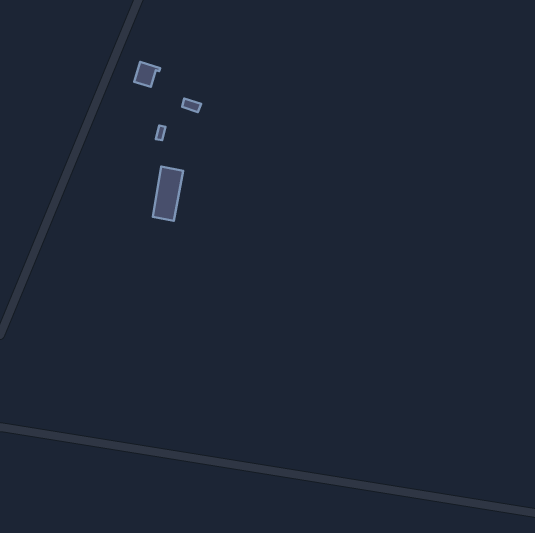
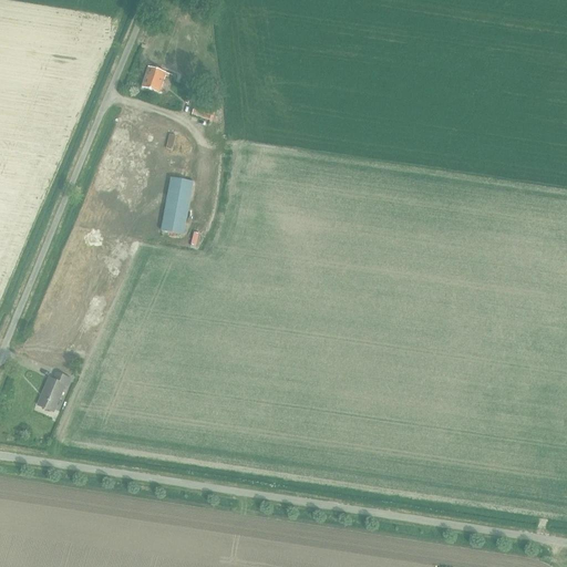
building: none -> [38,371,70,410]

